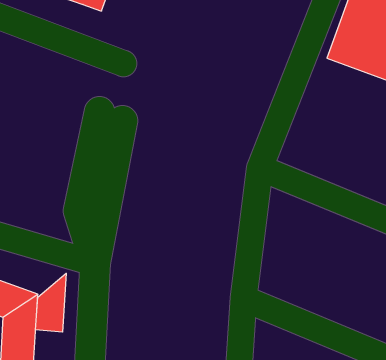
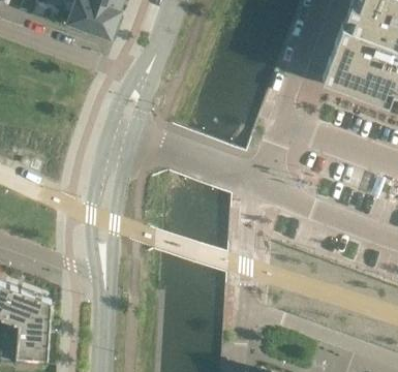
building: [36,273,66,332] -> none

